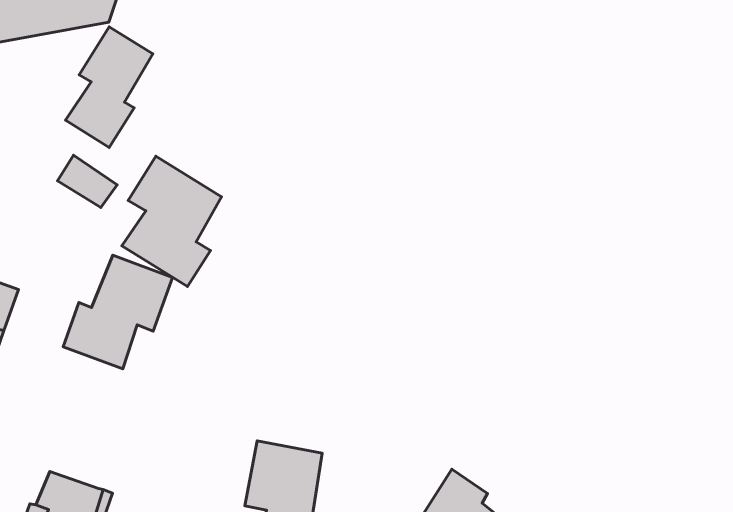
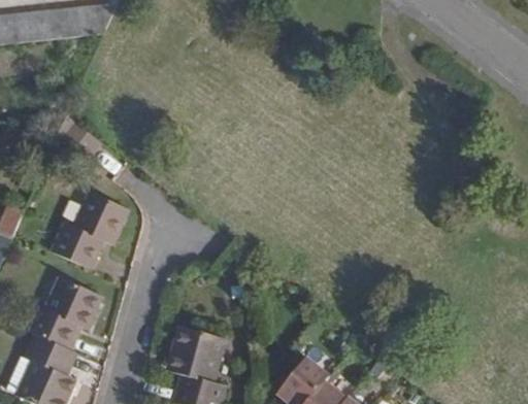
building: [66,27,153,147] -> none
building: [122,156,221,287] -> none
building: none -> [30,277,103,349]

